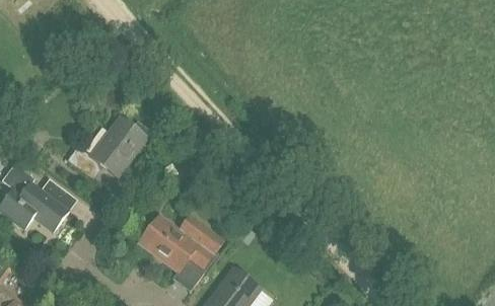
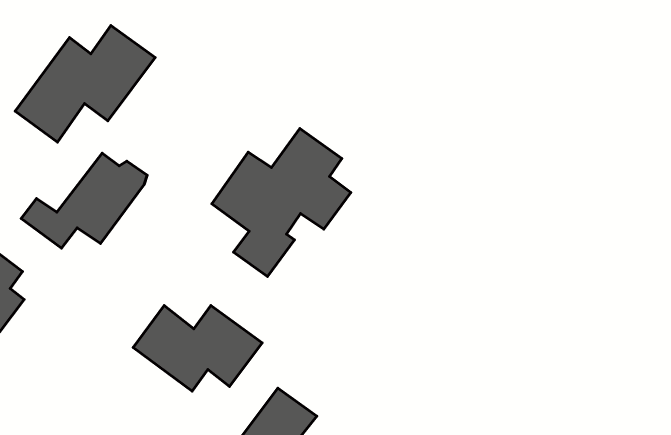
building: none -> [15,25,155,142]
building: none -> [212,128,351,277]

